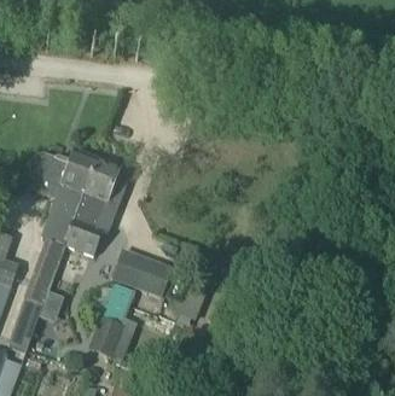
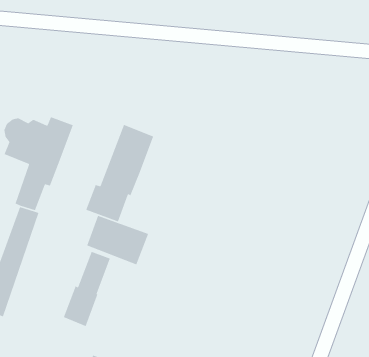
building: [60,161,128,257] -> [85,124,154,222]

